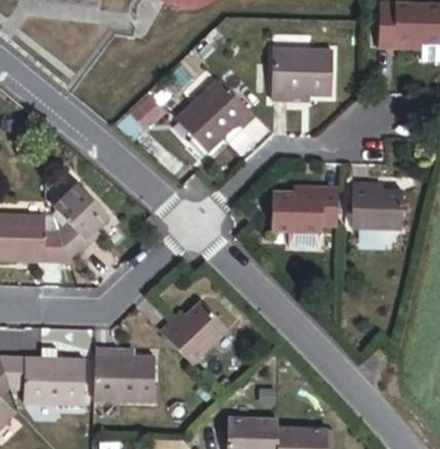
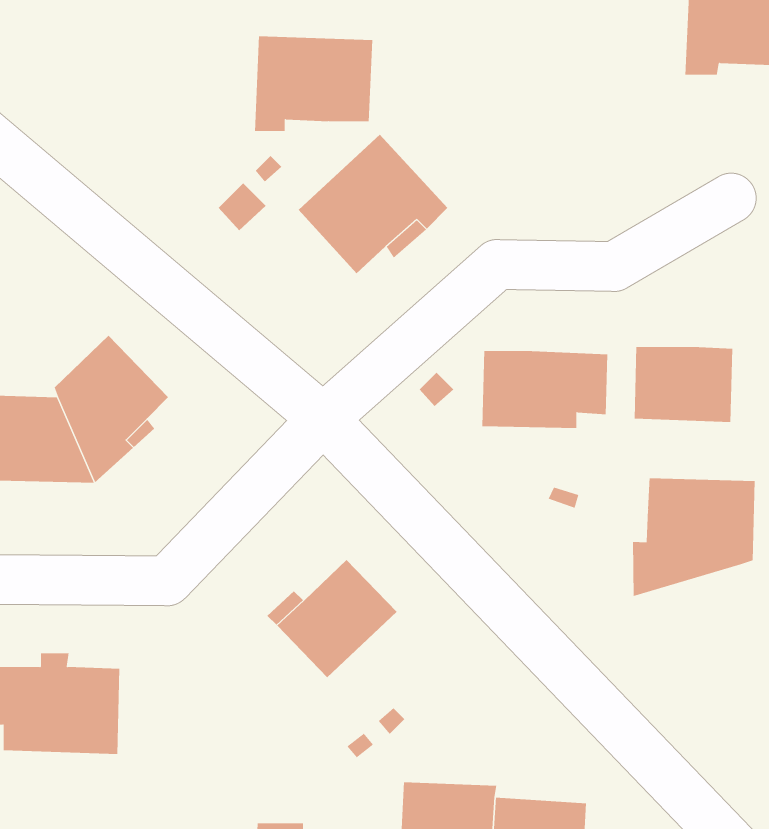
building: [271,49,333,99] -> [254,36,373,132]
building: none -> [633,478,755,597]
building: [94,347,155,401] -> none

